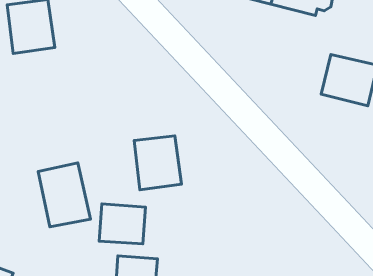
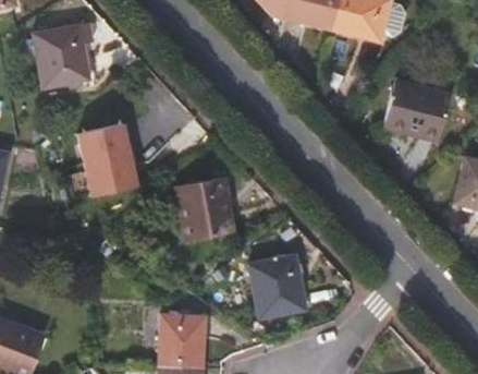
building: [38,163,91,227] -> [77,122,136,194]
building: [99,204,145,244] -> none
building: none -> [252,258,304,317]

